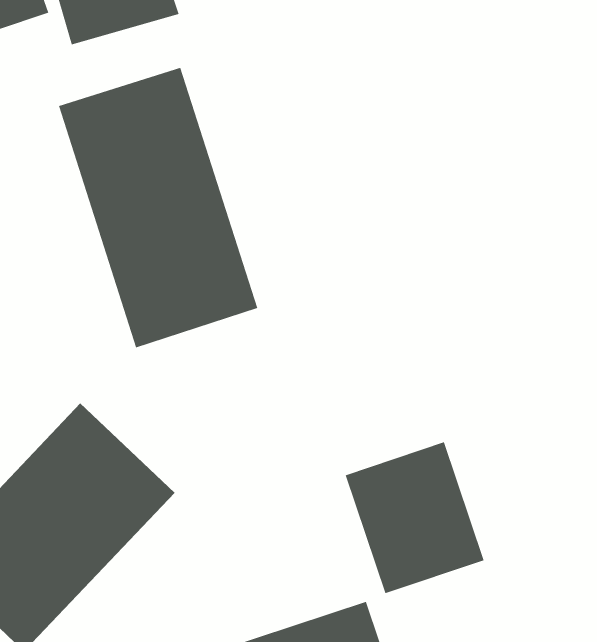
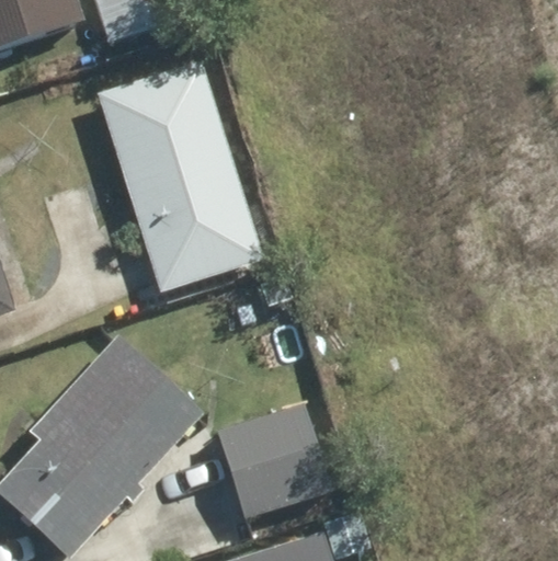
building: [345,442,484,594] -> [214,392,332,522]

